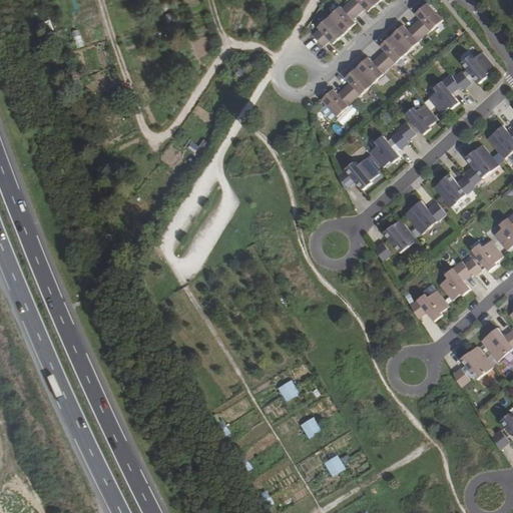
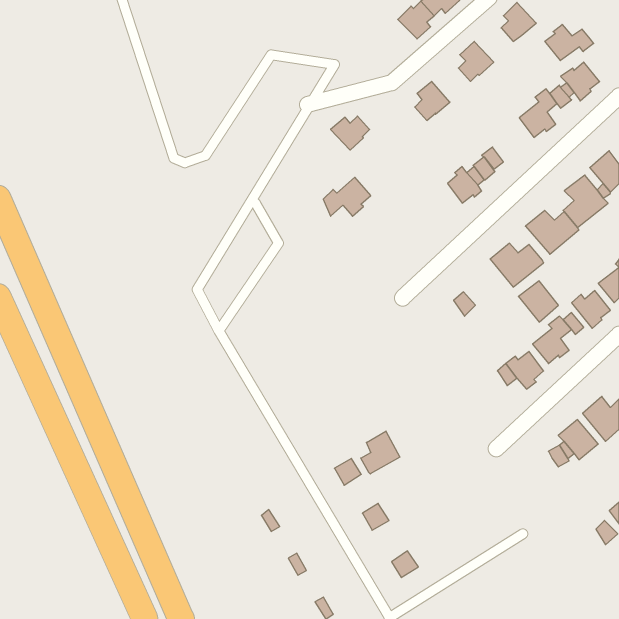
building: [312,16,344,45] -> none
building: none -> [545,24,594,61]
building: [391,23,423,51] -> none
building: [356,56,388,84] -> none
building: [320,88,352,116] -> [331,116,370,150]
building: [408,103,437,132] -> none
building: [338,156,377,188] -> [323,177,371,216]
building: [383,218,416,252] -> [518,281,558,322]
building: none -> [361,431,400,474]

